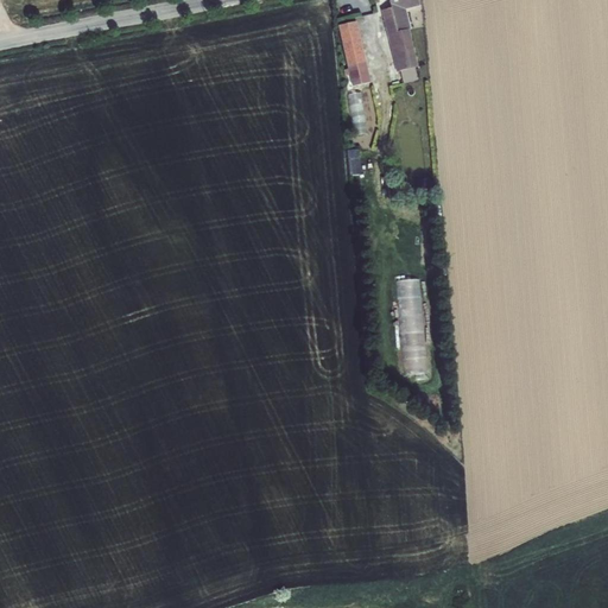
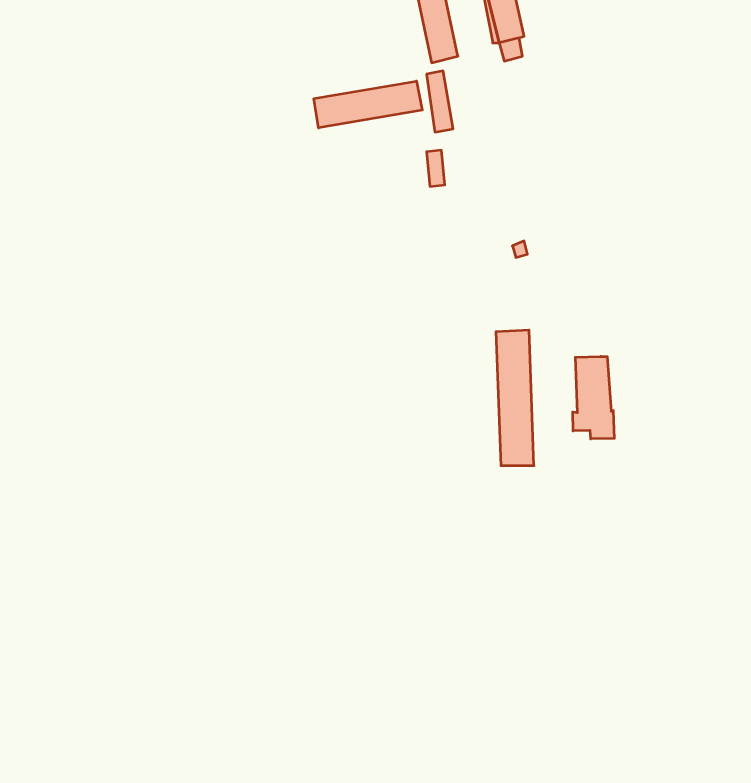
building: none -> [314,81,422,128]
building: none -> [573,356,614,439]

